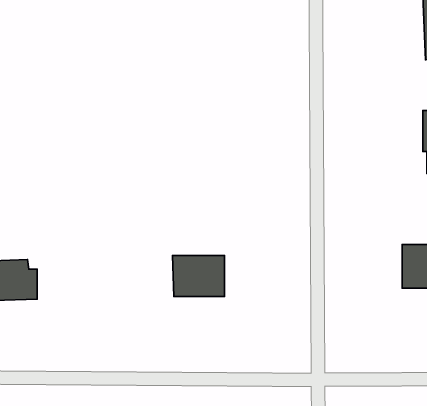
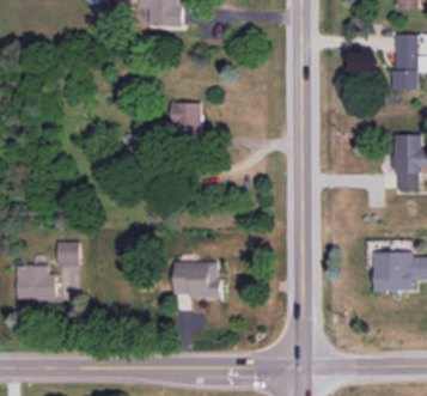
building: none -> [170,103,201,134]
building: none -> [55,242,79,266]

